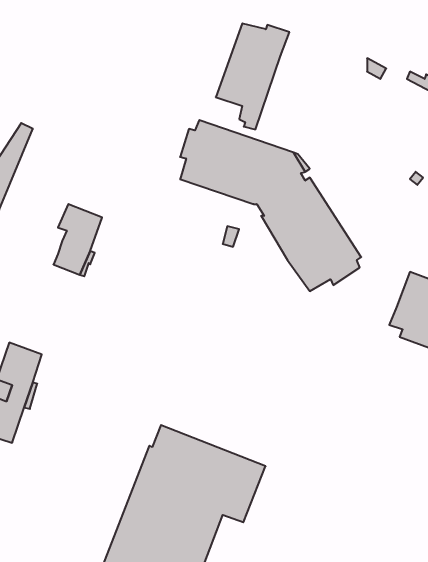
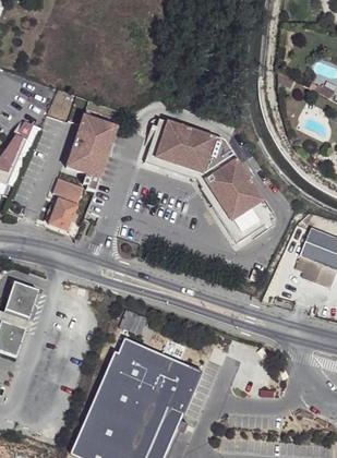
building: [216,23,289,129] -> [64,111,119,190]

